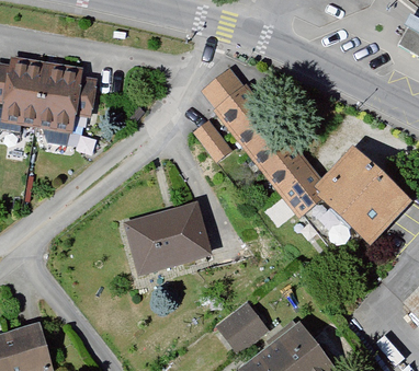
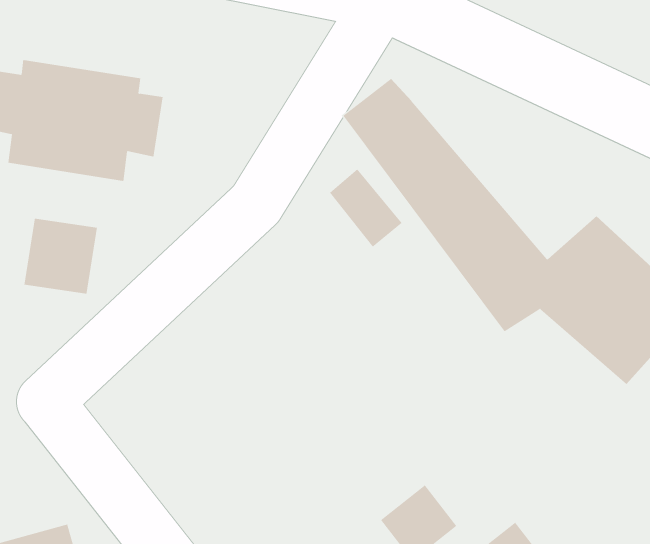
building: none -> [24,218,98,294]
building: [120,201,214,278] -> none

